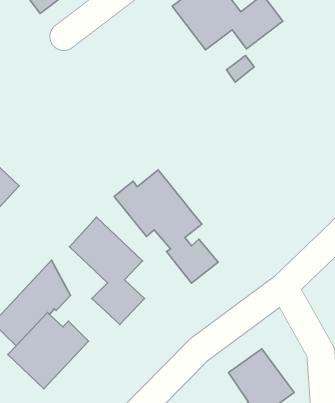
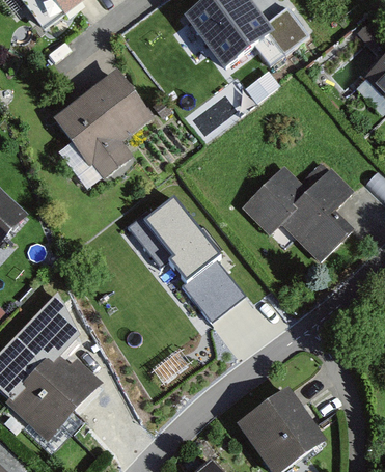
building: none -> [54,76,152,181]
building: none -> [245,165,354,258]
building: [69,217,145,325] -> none

